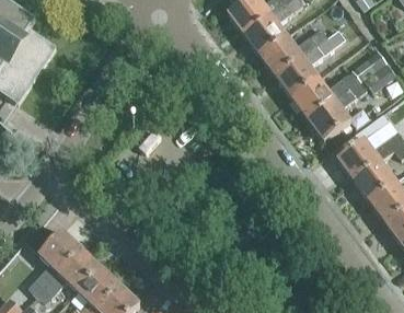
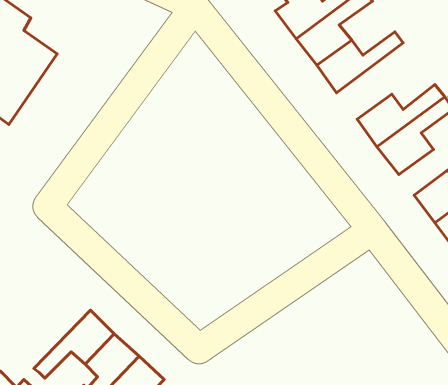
building: [276,30,347,97] -> none
building: [28,230,82,294] -> none

